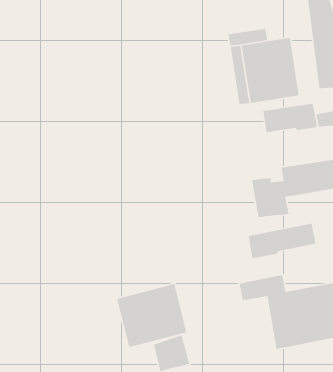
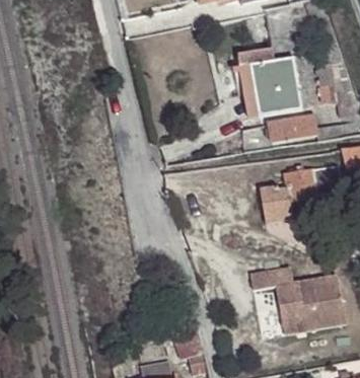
building: [248,223,317,259] -> none
building: [116,283,187,348] -> none

